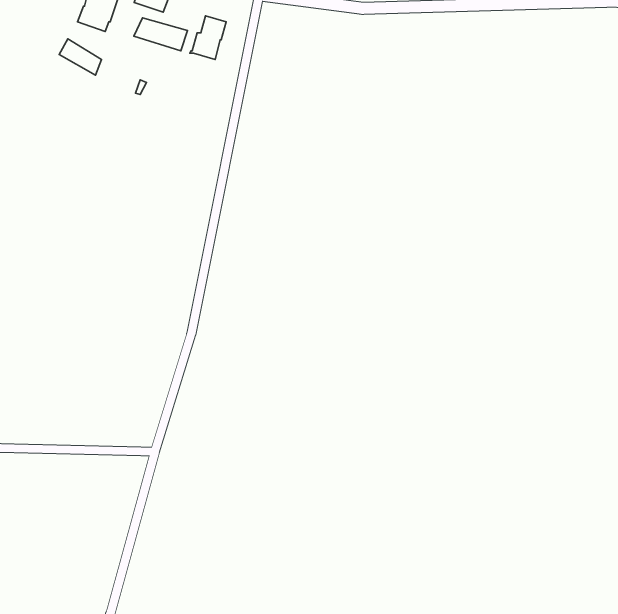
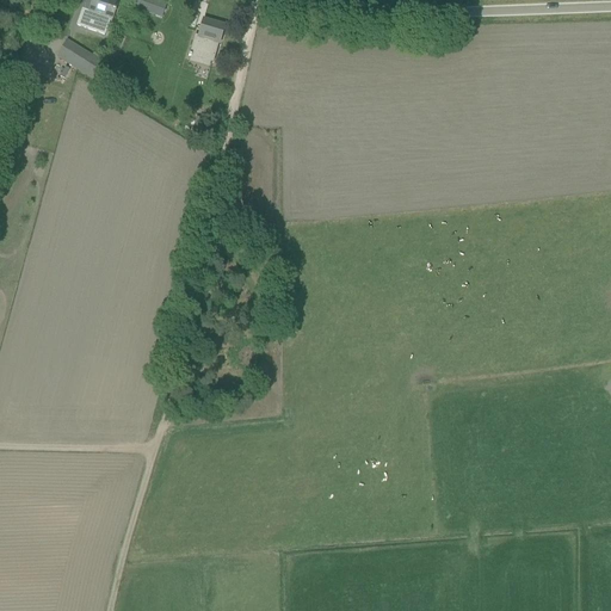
building: [134,18,188,51] -> none

